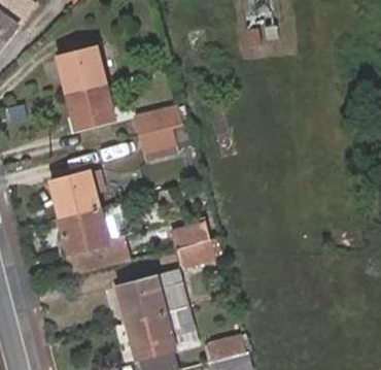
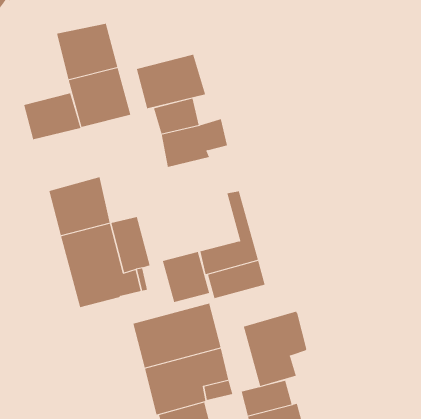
building: none -> [136,54,206,109]
building: none -> [24,92,81,140]
building: none -> [162,251,210,303]
building: none -> [243,311,307,387]

